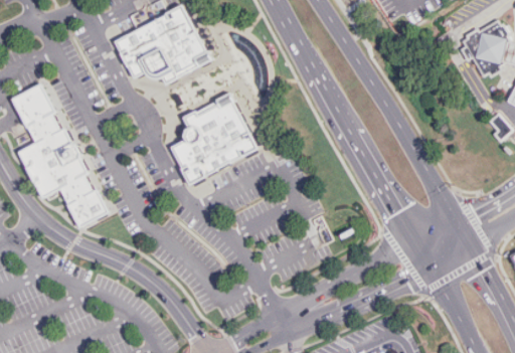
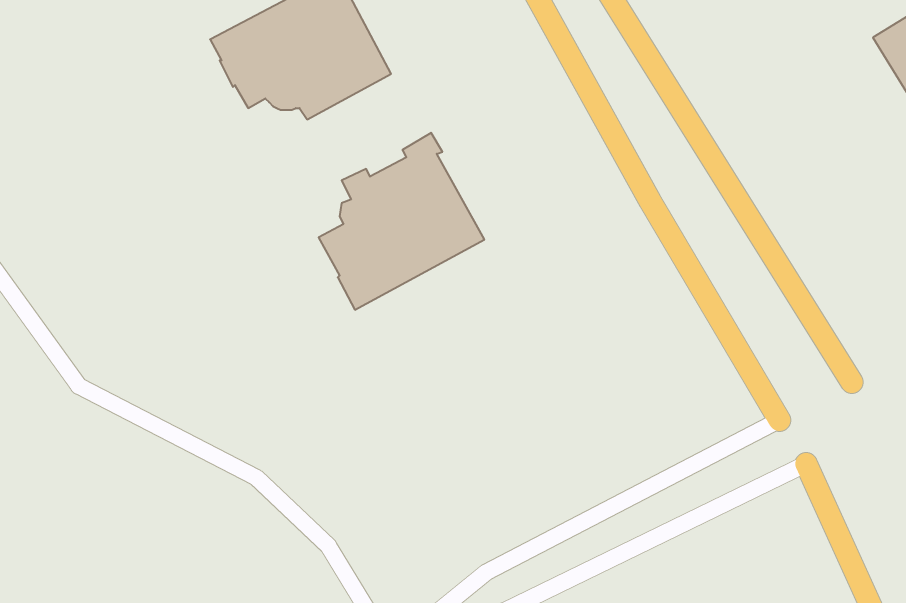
building: [10,81,109,226] -> none

